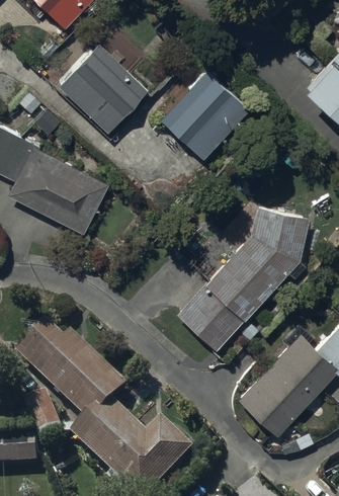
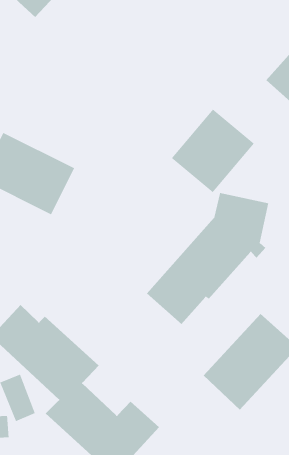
building: [59,45,149,133] -> none
building: [162,70,249,158] -> [171,108,255,193]

